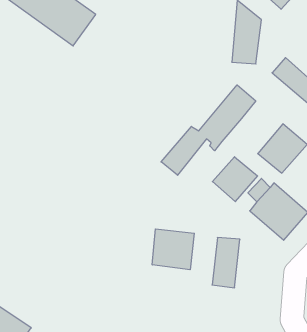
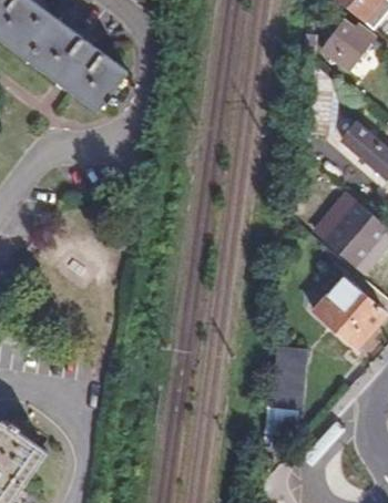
building: [161,85,256,175] -> none
building: [212,157,258,202] -> none
building: [152,229,194,270] -> none

